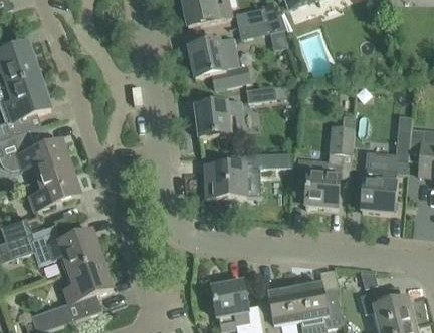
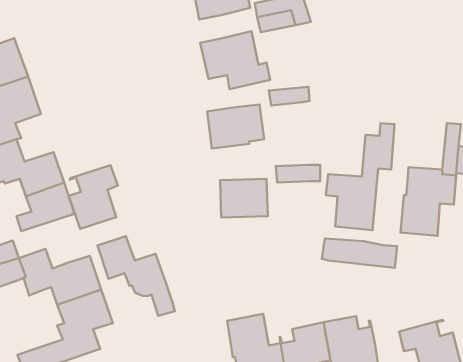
building: none -> [69,165,118,229]
building: none -> [98,236,175,316]
building: none -> [322,239,397,268]

